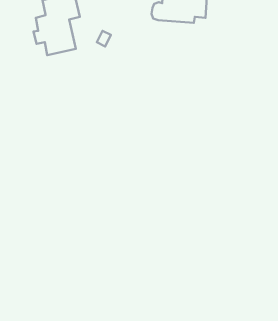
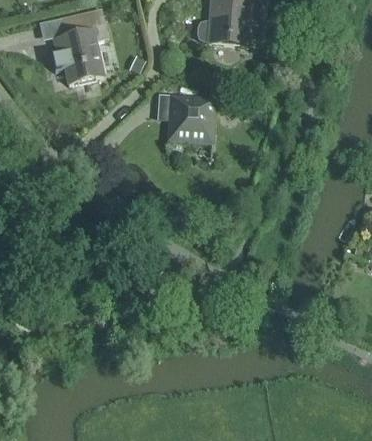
building: none -> [155,93,213,141]

